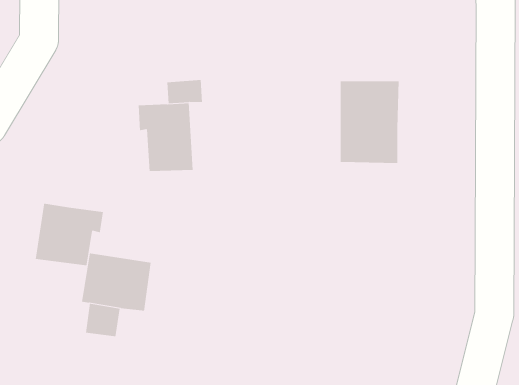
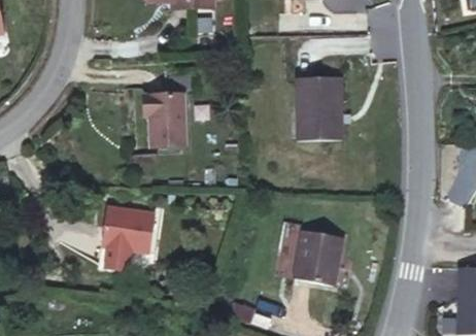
building: [35,203,103,266] -> none
building: none -> [293,230,341,285]

